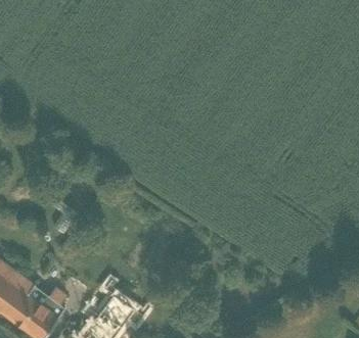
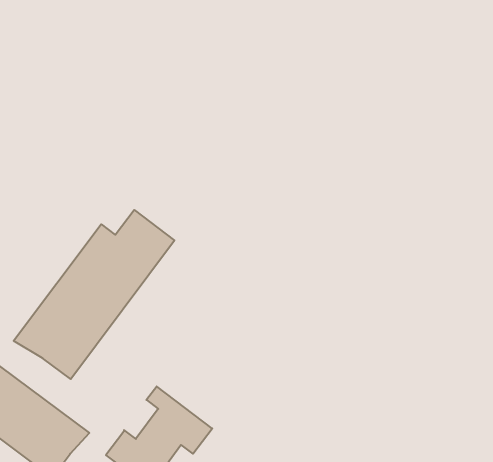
building: none -> [14,210,174,379]

